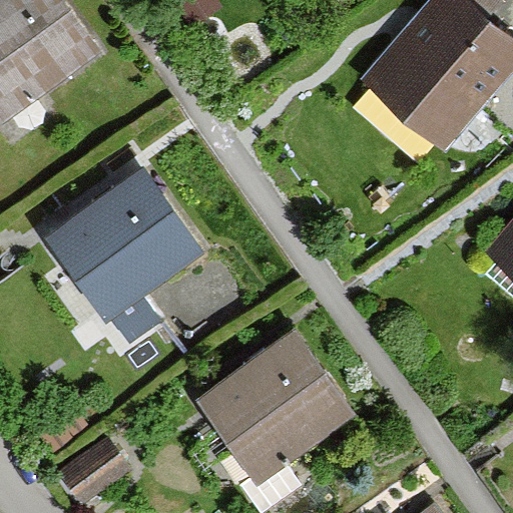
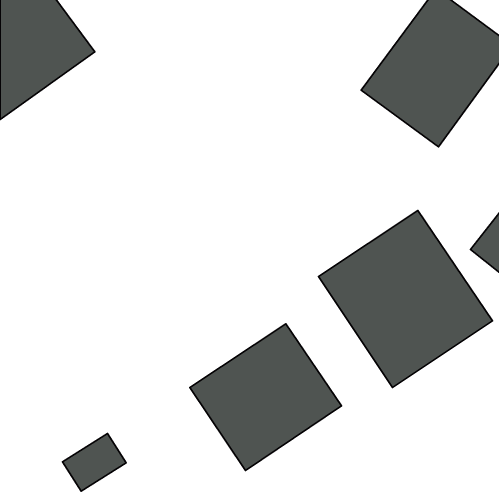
building: [43,170,199,321] -> none
building: none -> [318,211,492,388]

